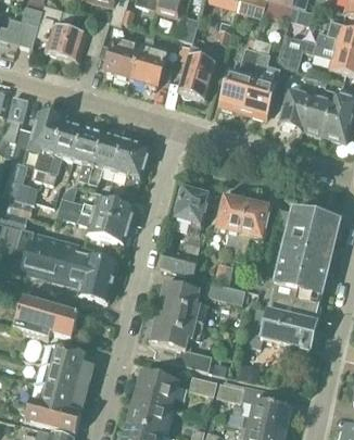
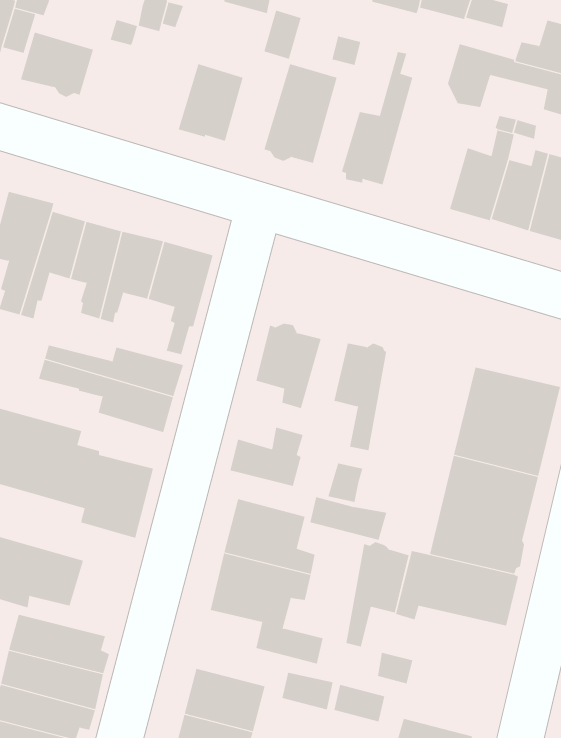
building: [104,36,141,79] -> none
building: [242,38,279,118] -> none
building: [235,199,269,256] -> [346,541,409,647]

